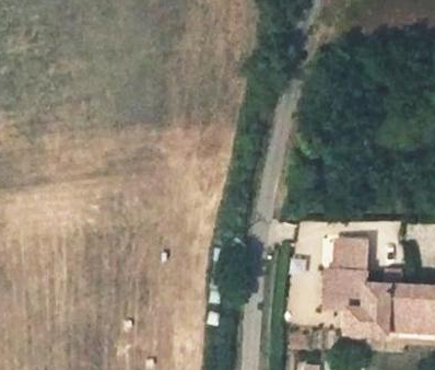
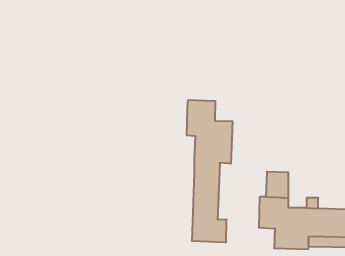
building: none -> [187,100,233,243]

